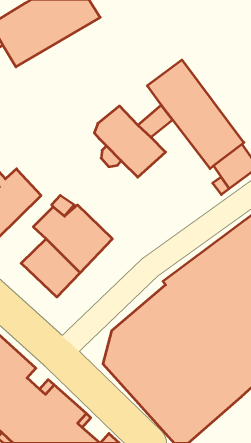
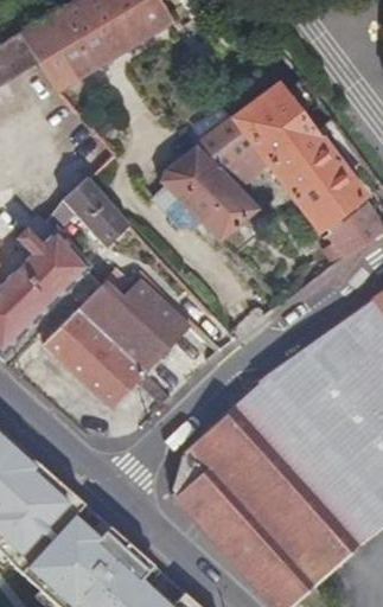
building: none -> [197,117,254,171]
building: none -> [47,177,129,248]
building: none -> [45,309,97,359]

